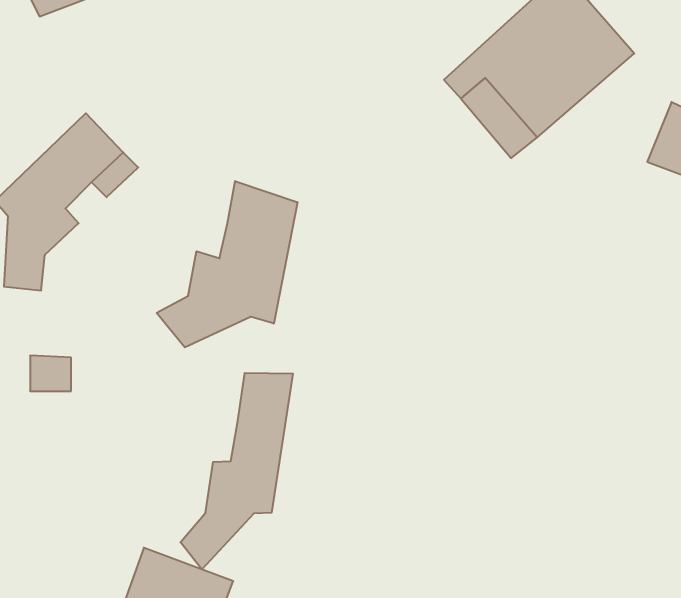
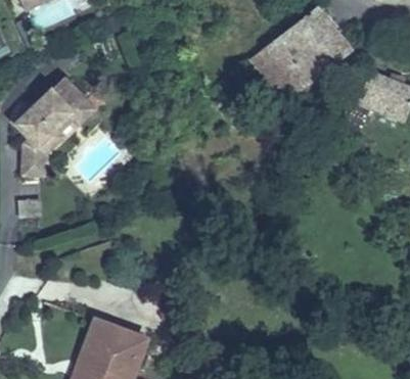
building: [157,181,297,347] -> none
building: [180,373,293,569] -> none

